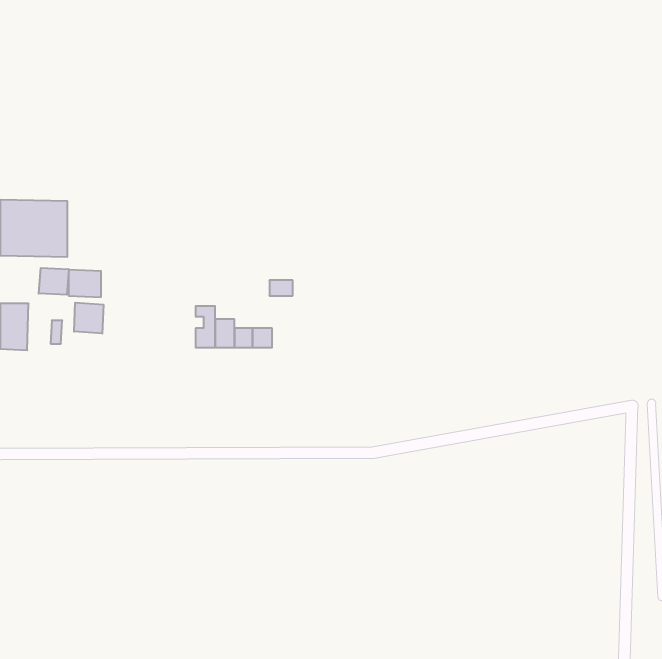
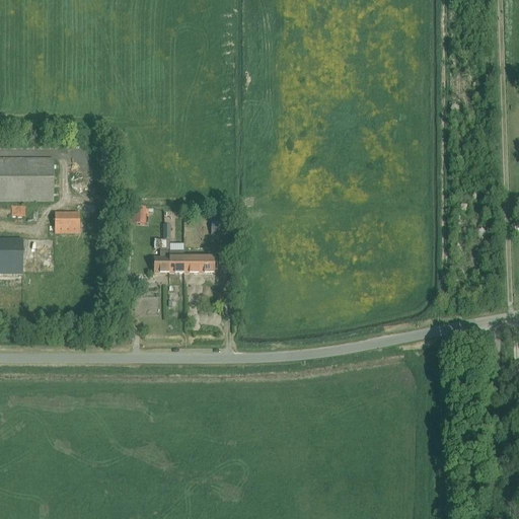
building: [39,268,69,295] -> none
building: [74,303,103,334] -> none

